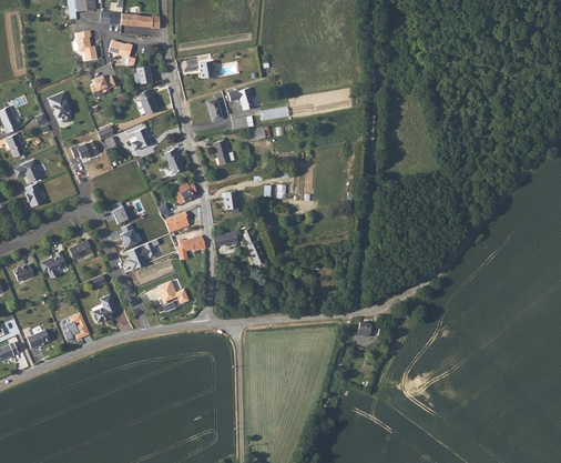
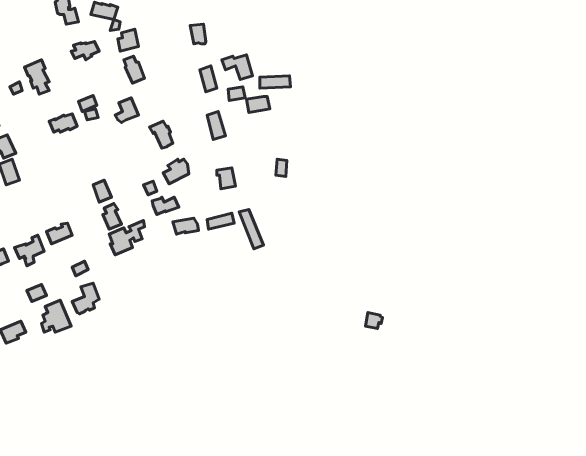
building: [156,281,188,312] -> none

